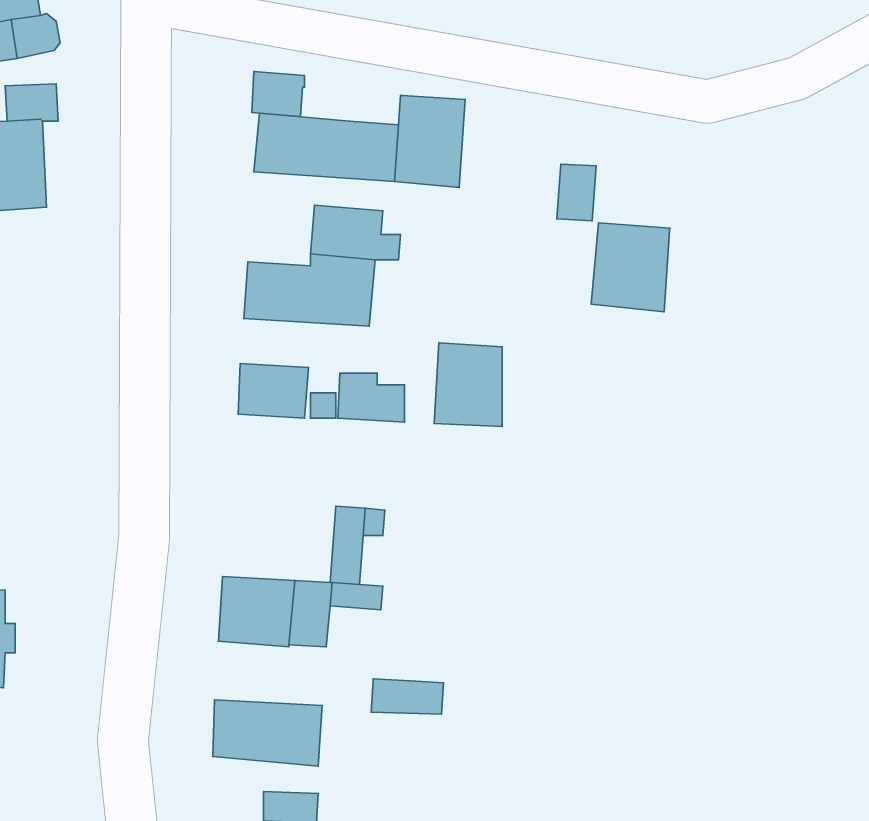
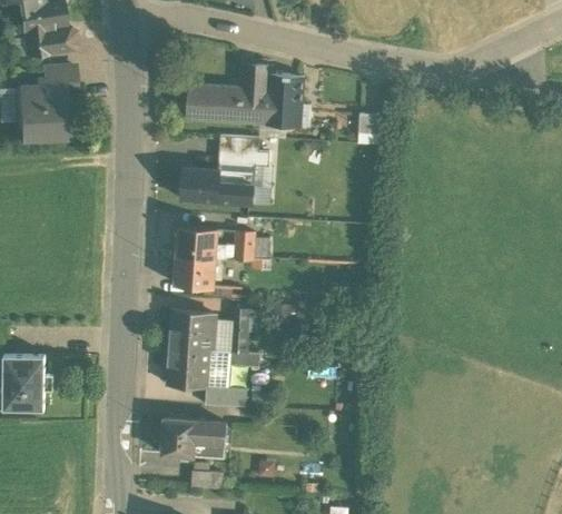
building: [252,72,305,116] -> [240,66,270,91]
building: [591,223,670,312] -> none
building: [434,343,502,427] -> none
building: none -> [175,256,215,287]
building: none -> [168,312,211,350]
building: [371,679,443,714] -> [205,387,246,407]

